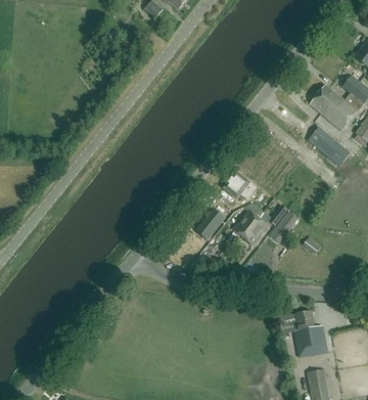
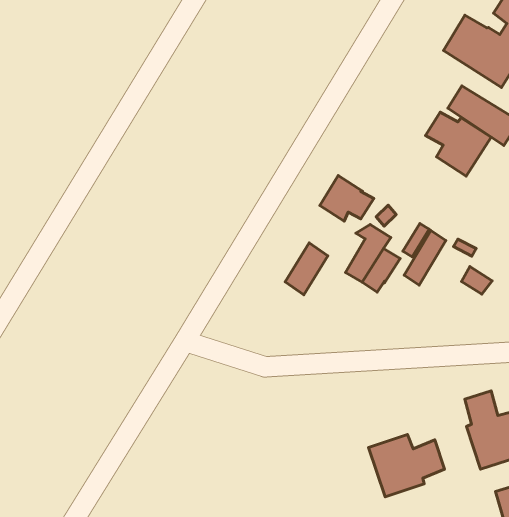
building: none -> [425,112,491,176]
building: none -> [369,435,445,497]

